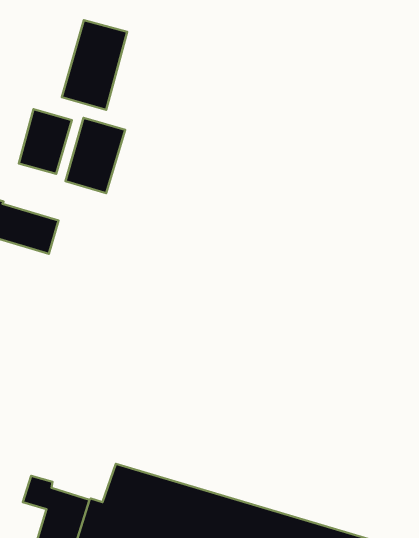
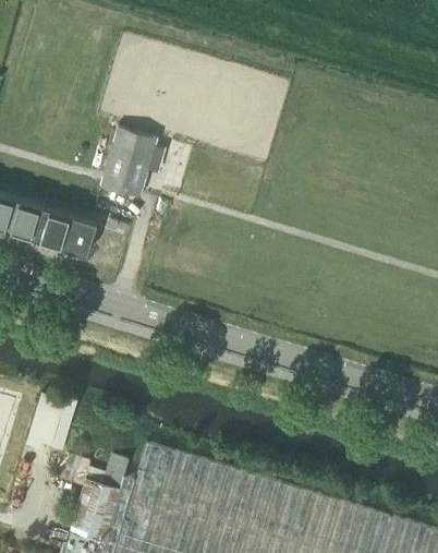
building: [62,20,127,110] -> none
building: [19,109,72,174] -> none

